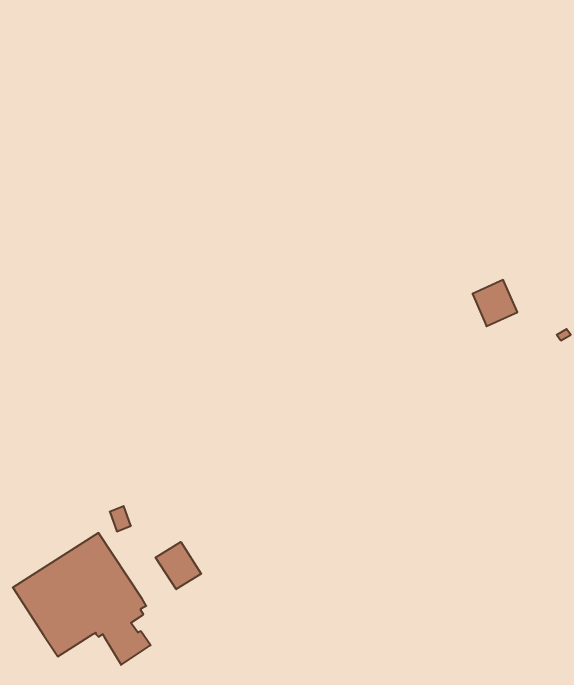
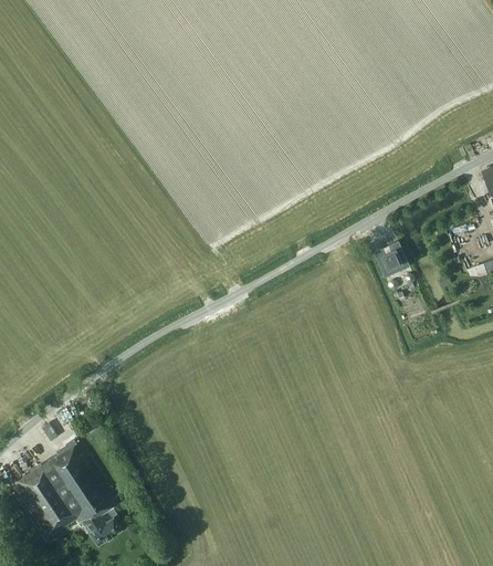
building: [156,542,201,589] -> none

